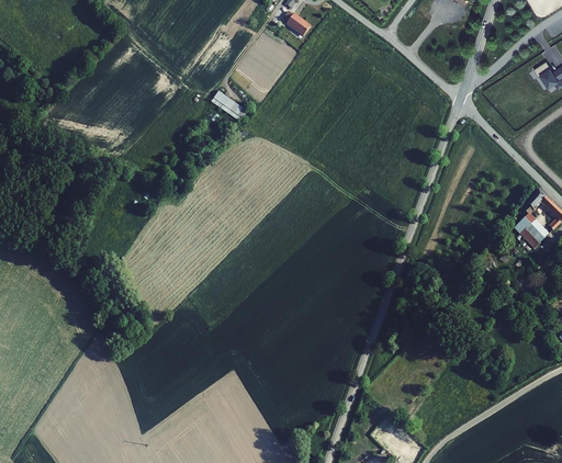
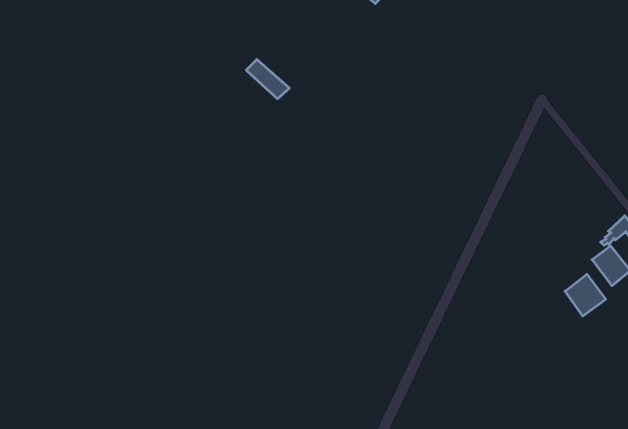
building: none -> [565,274,606,316]

